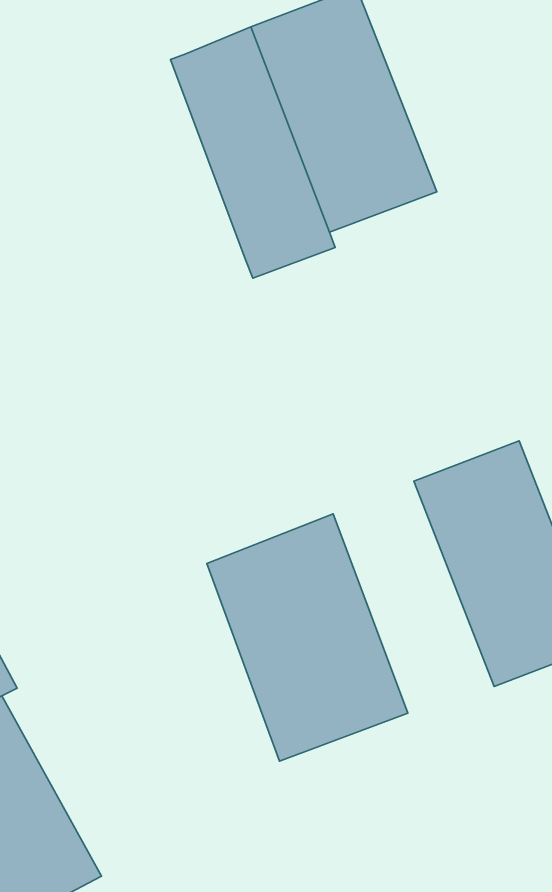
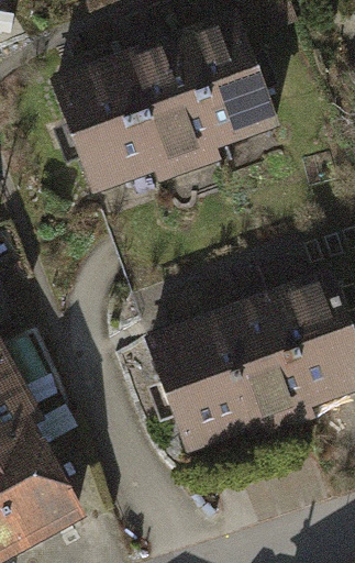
building: none -> [53,49,168,191]
building: none -> [219,291,314,435]

